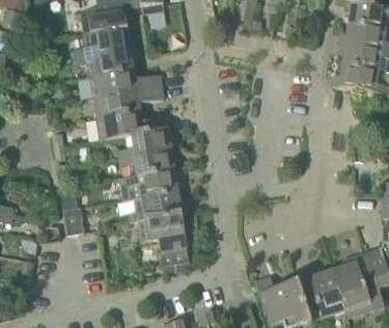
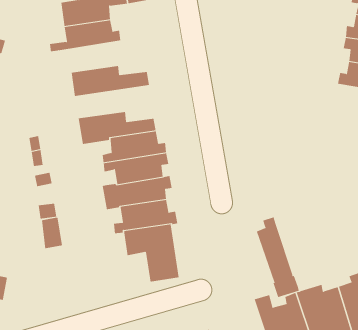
building: [72,46,138,75] -> none
building: [93,86,163,116] -> none
building: none -> [256,217,300,298]

